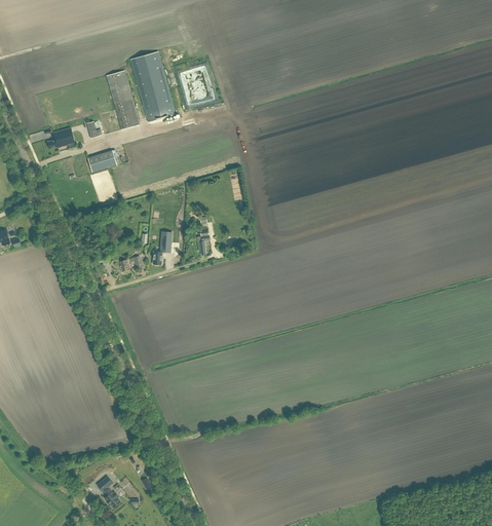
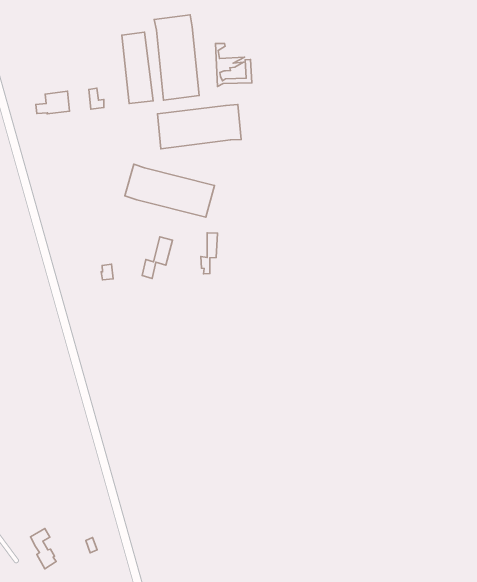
building: none -> [158,105,241,149]
building: [87,149,116,171] -> none
building: none -> [125,164,215,217]

